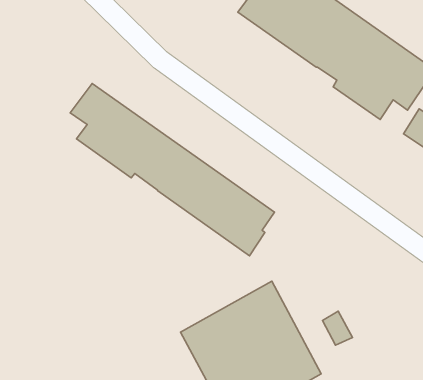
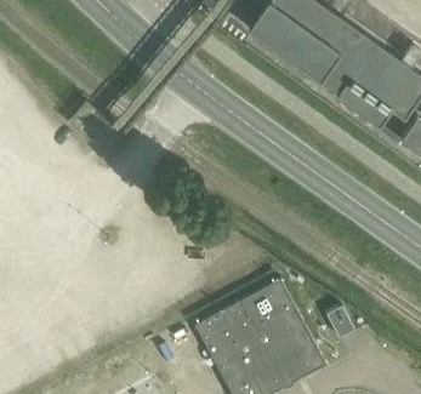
building: [70,83,275,256] -> none

